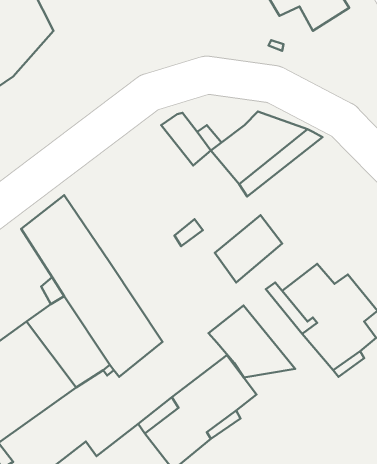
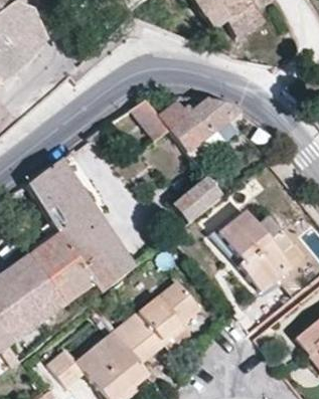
building: [209,306,295,378] -> none

